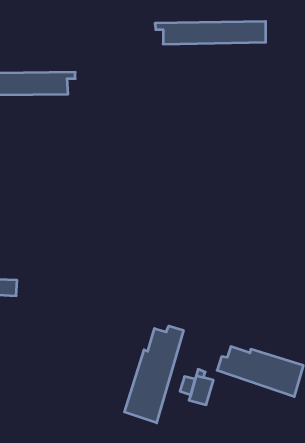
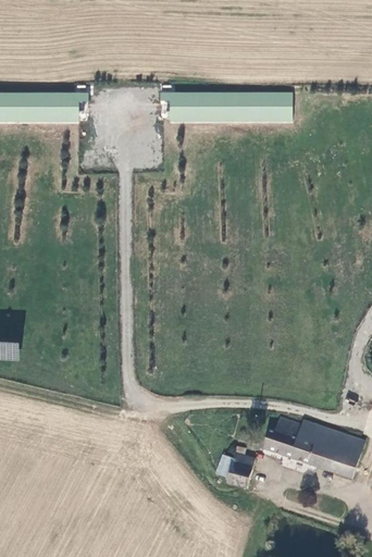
building: [155,21,266,44] -> [164,91,297,119]
building: [124,326,183,423] -> none

